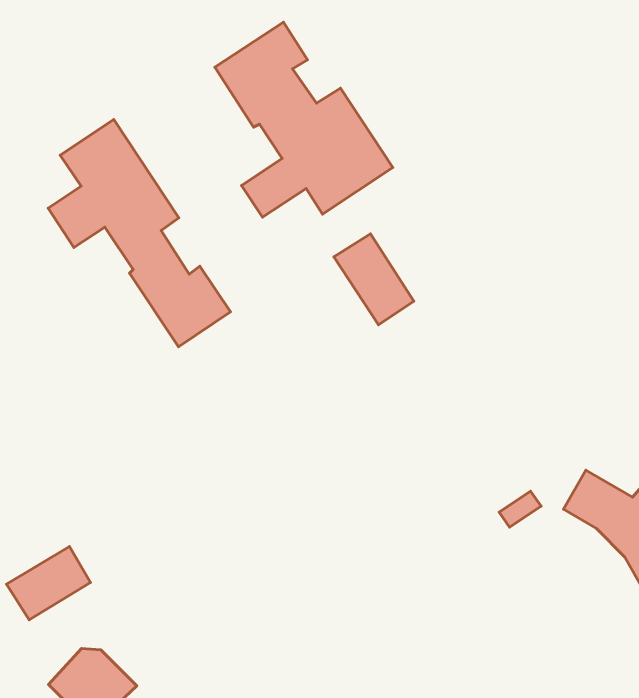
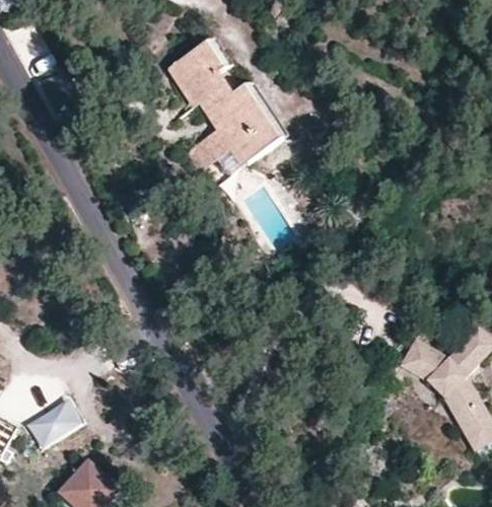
building: [48,120,230,347] -> none
building: [334,234,414,325] -> none

